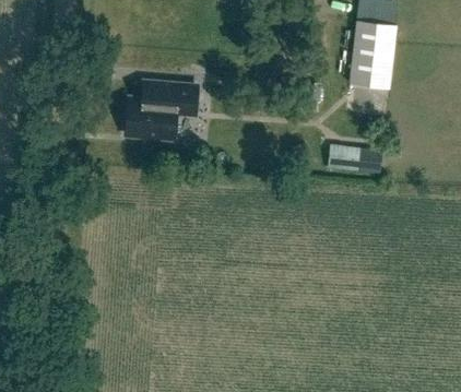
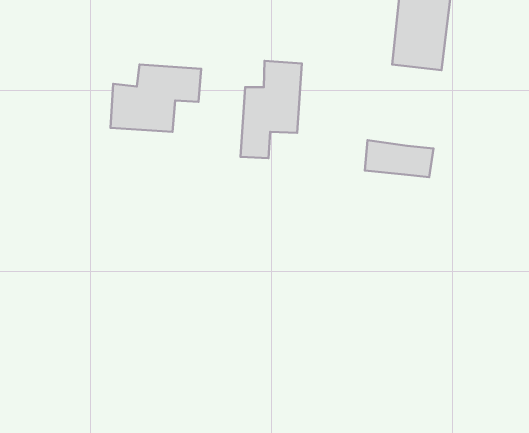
building: none -> [241,61,302,158]

